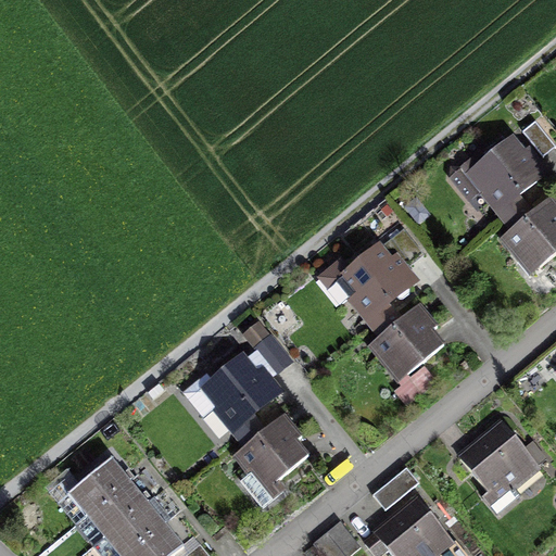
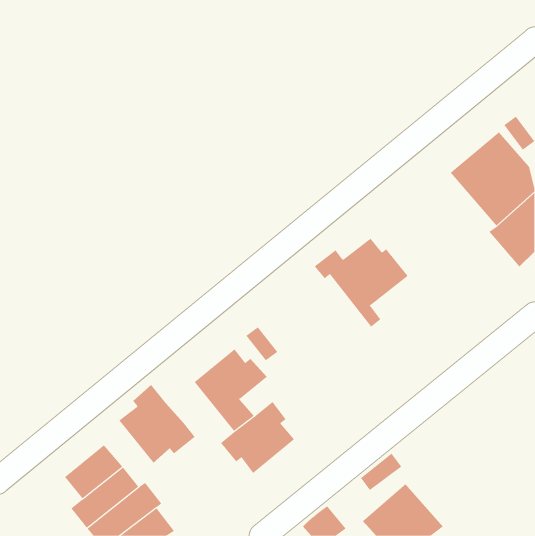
building: [368,305,446,387] -> none
building: none -> [118,384,195,464]
building: [464,420,543,501] -> none

